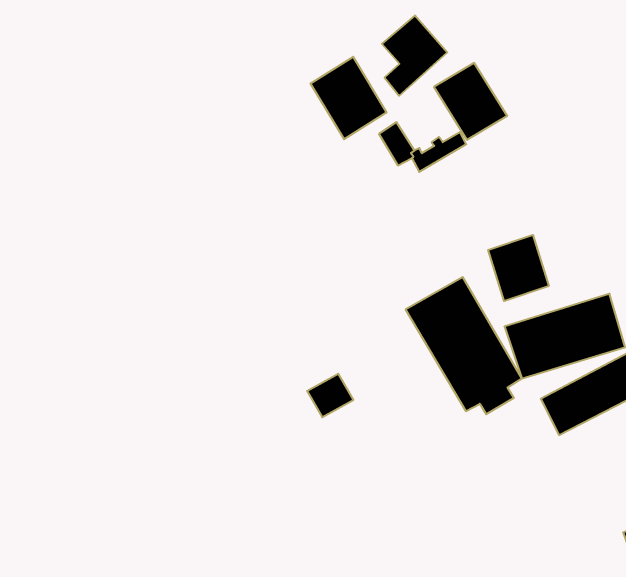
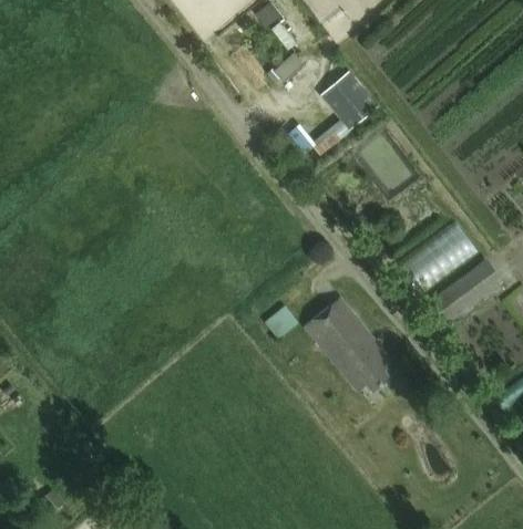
building: [311,57,386,139] -> none
building: [488,235,549,301] -> none
building: [406,277,522,414] -> [304,298,392,391]

